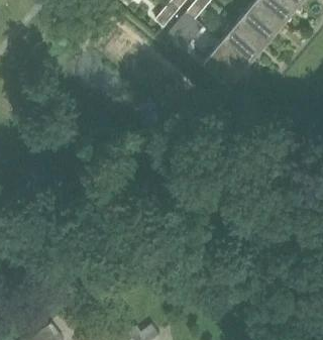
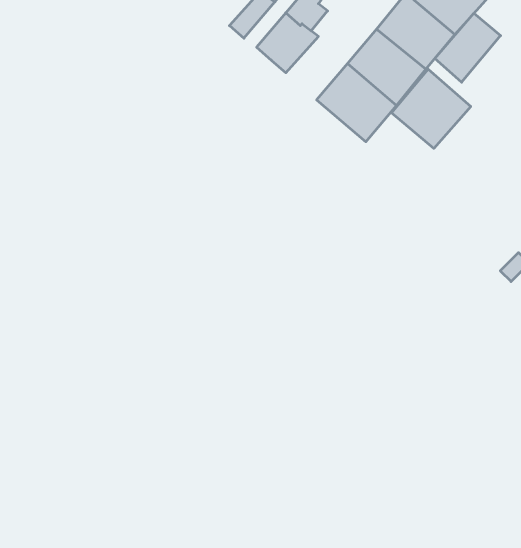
building: none -> [435,13,501,82]
building: none -> [392,69,471,148]

